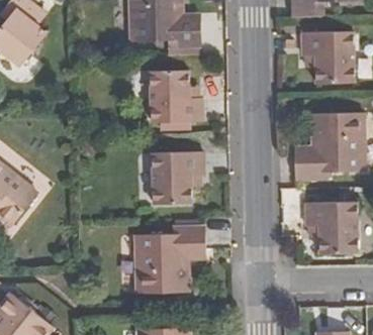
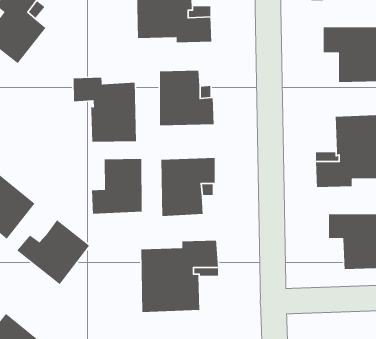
building: none -> [73,77,137,143]
building: none -> [91,158,142,214]
building: none -> [16,219,90,285]

